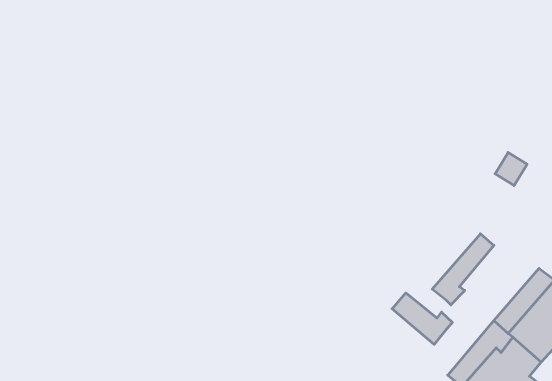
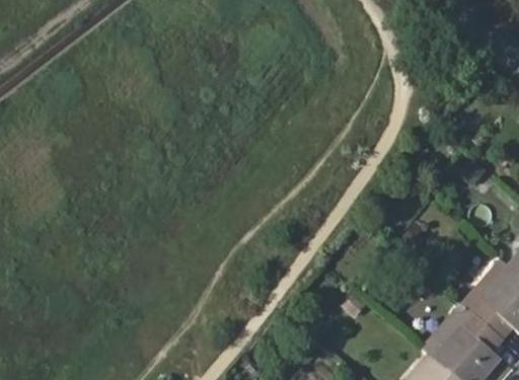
building: [432,234,494,305] -> none
building: [392,293,452,344] -> none

